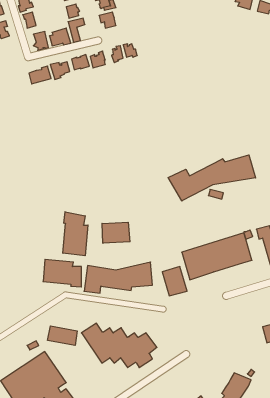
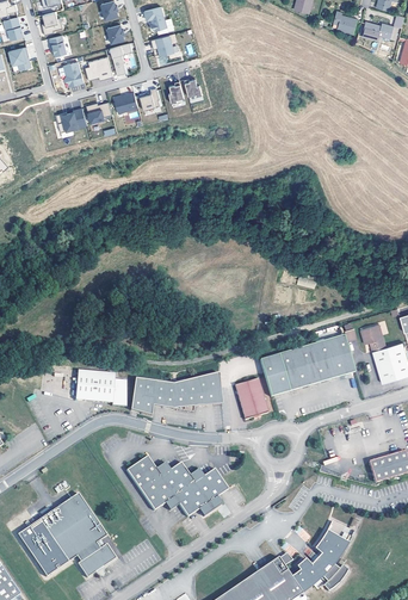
building: [168,155,256,201] -> none
building: [63,212,88,256] -> none
building: [102,222,130,243] -> none
building: [48,326,77,345] -> none

